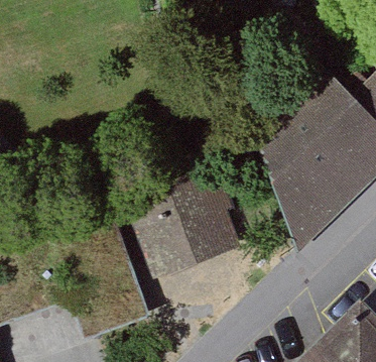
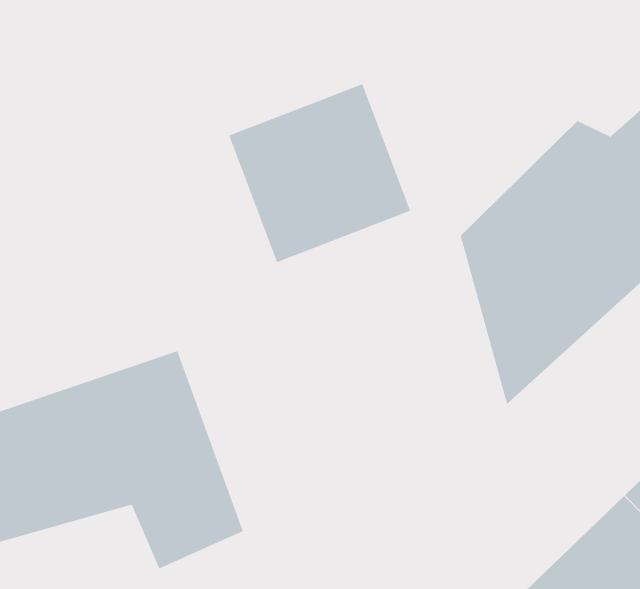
building: [129,177,236,282] -> [228,83,411,263]

